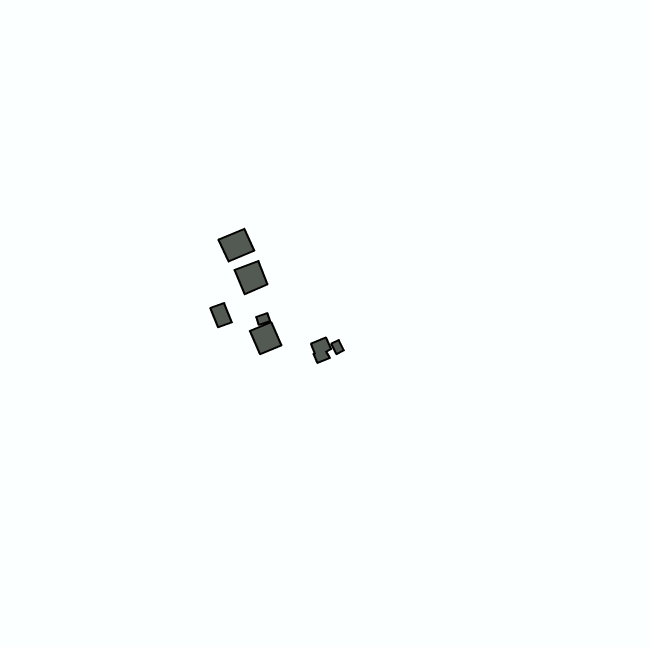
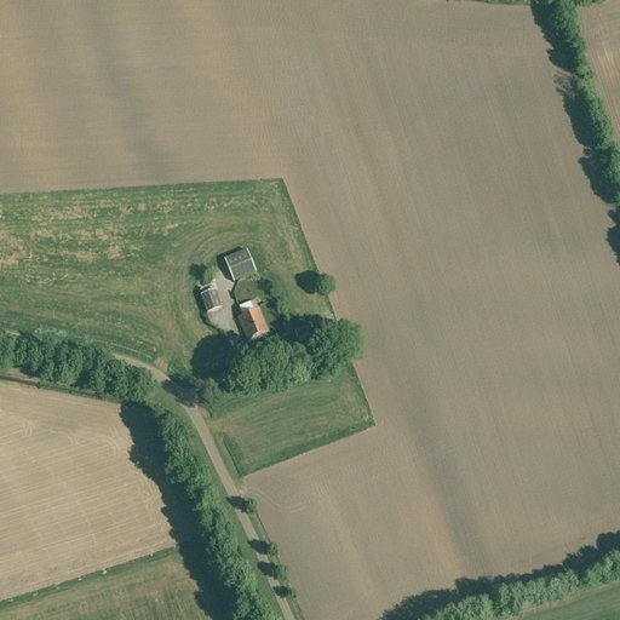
building: [219,229,254,262] -> none

